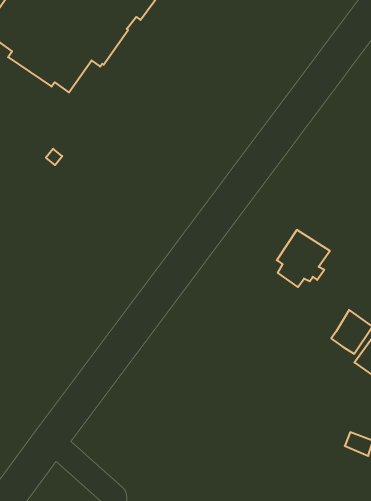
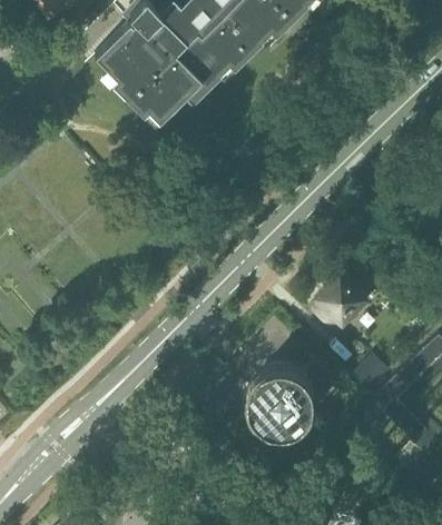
building: none -> [245,369,311,435]

